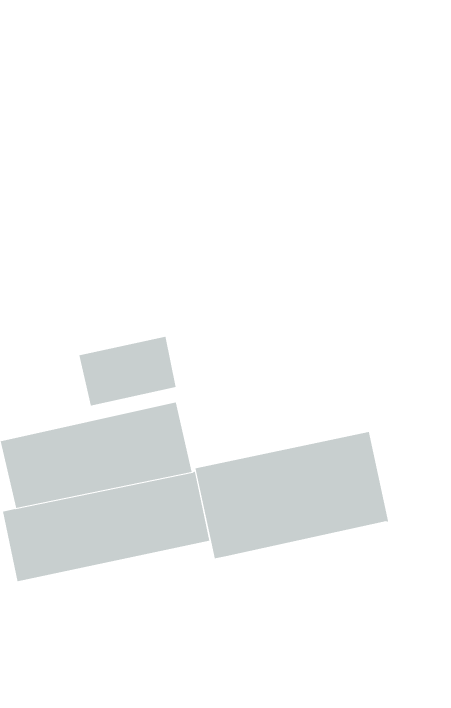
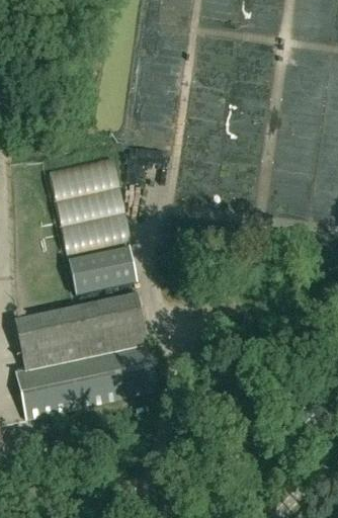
building: none -> [56,164,133,250]
building: [195,431,389,559] -> none

